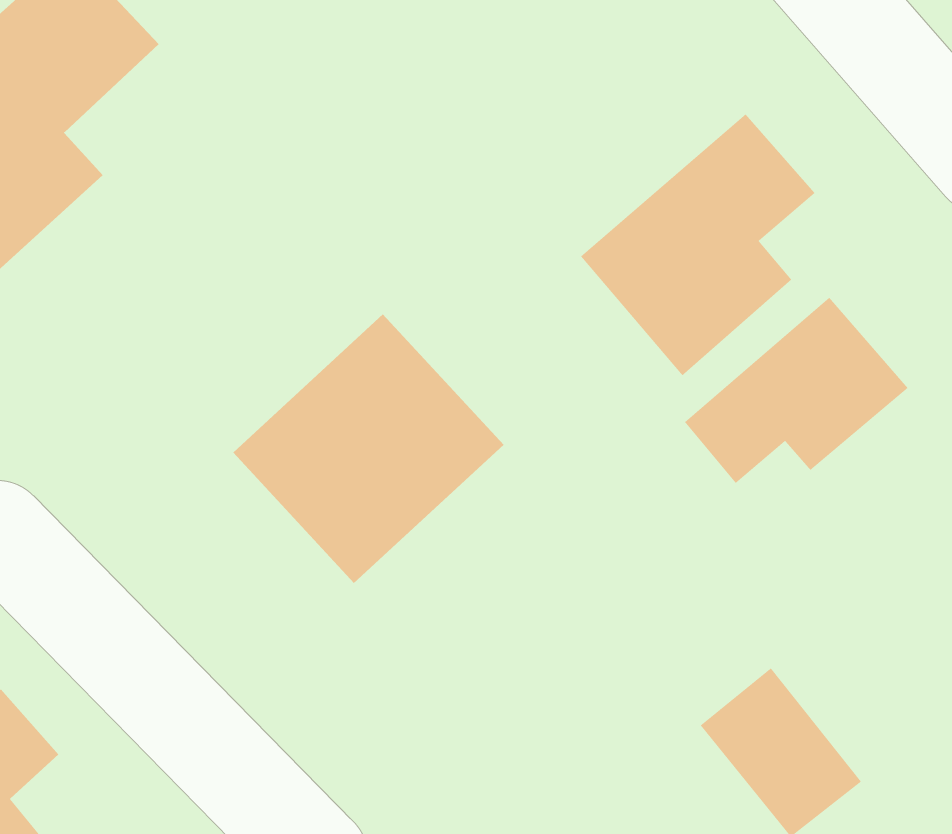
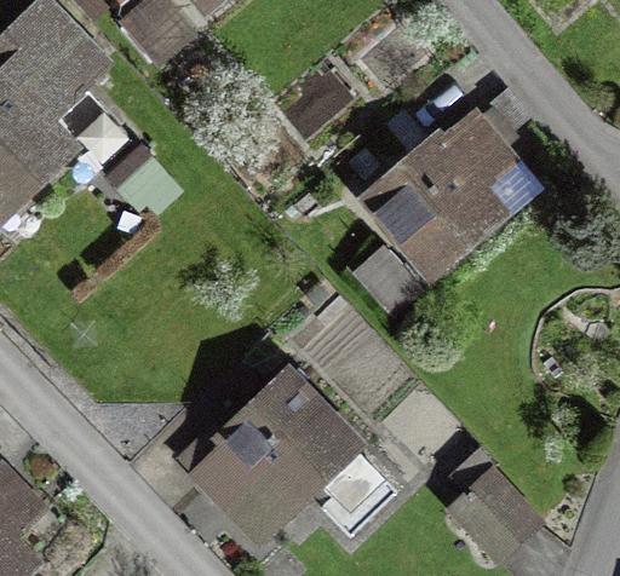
building: [684,297,908,484] -> none
building: [232,314,504,584] -> [186,371,357,541]

